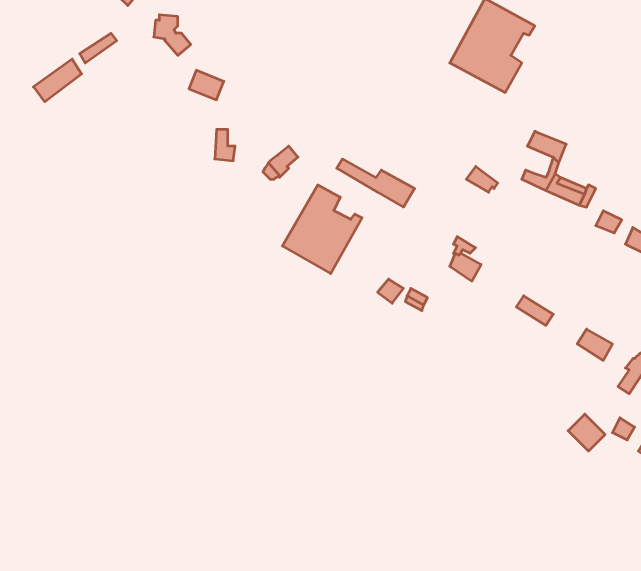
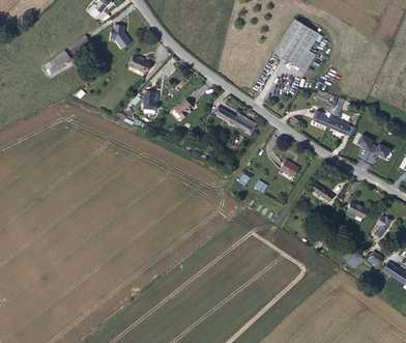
building: [282,185,362,274] -> none

